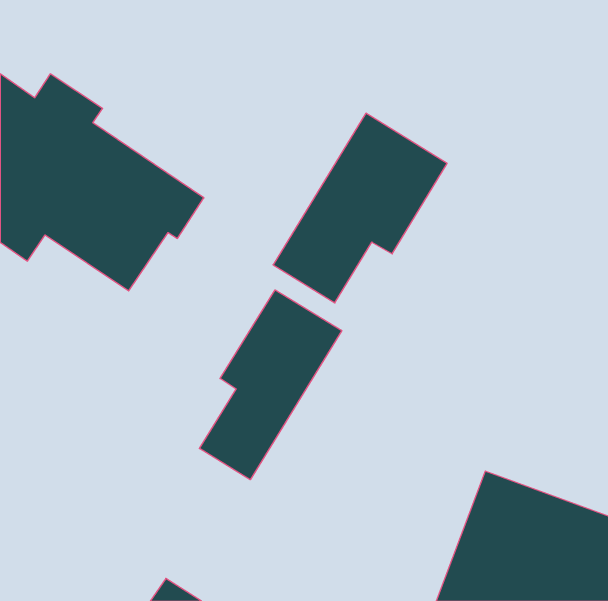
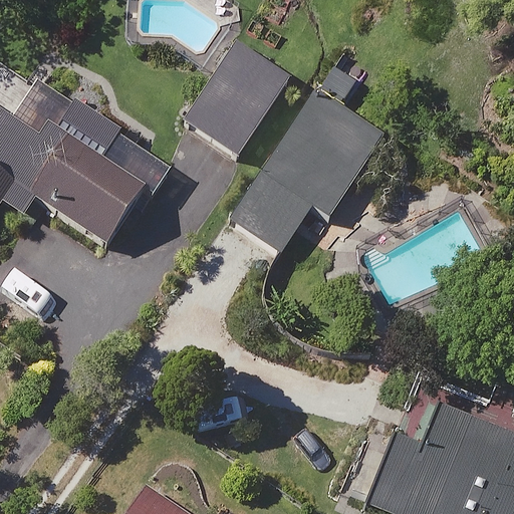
building: none -> [183,40,288,156]
building: [199,290,342,480] -> none

